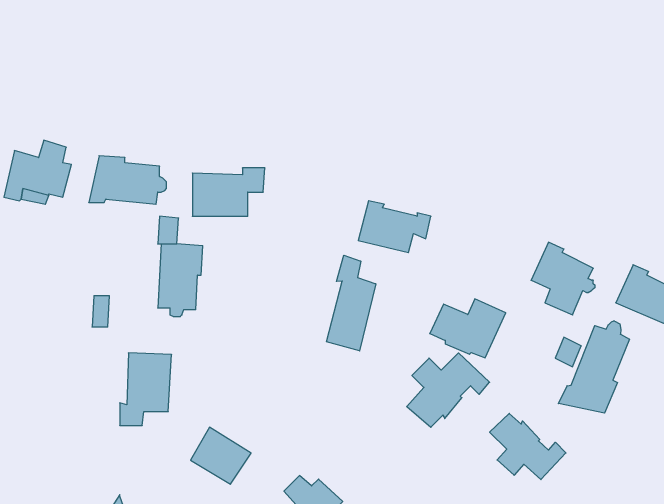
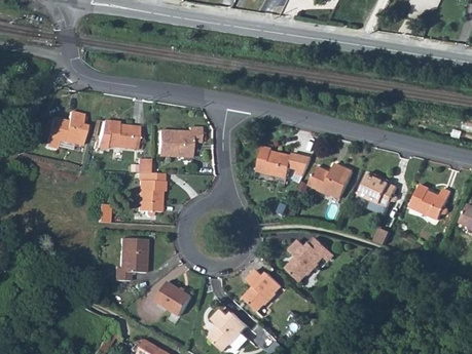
building: [326,255,376,351] -> none
building: [430,299,506,358] -> [307,163,353,198]
building: [558,321,629,413] -> none
building: none -> [244,270,281,312]
building: [490,413,566,480] -> none

